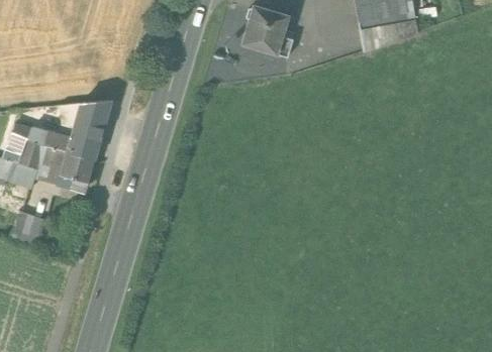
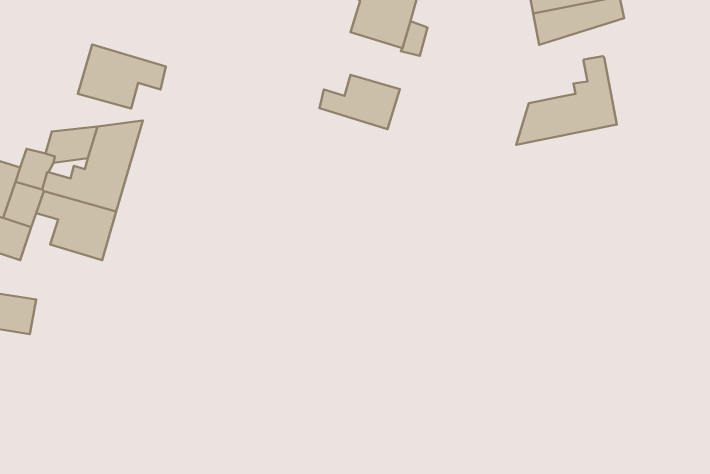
building: none -> [78,45,166,109]
building: none -> [516,56,617,145]
building: none -> [320,75,400,129]

